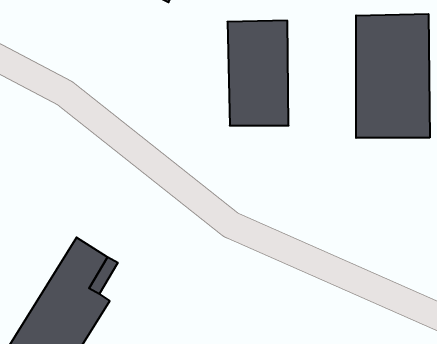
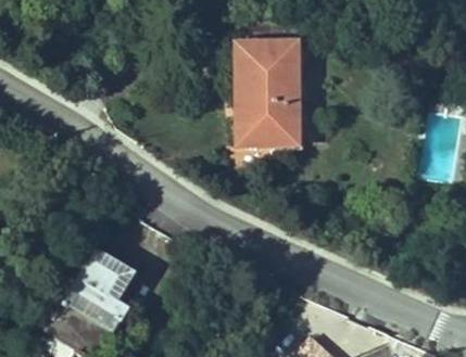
building: [356,14,430,138] -> none

